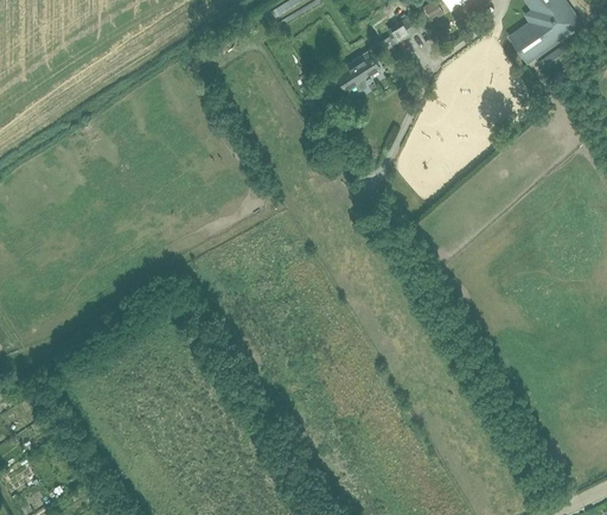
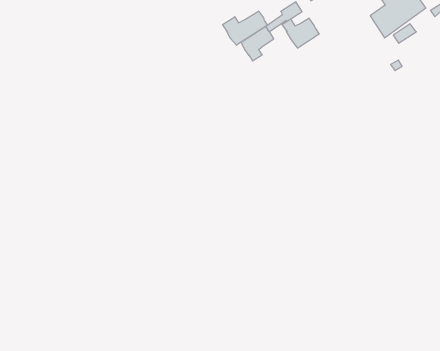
building: none -> [223,11,268,45]
building: none -> [282,18,319,48]

